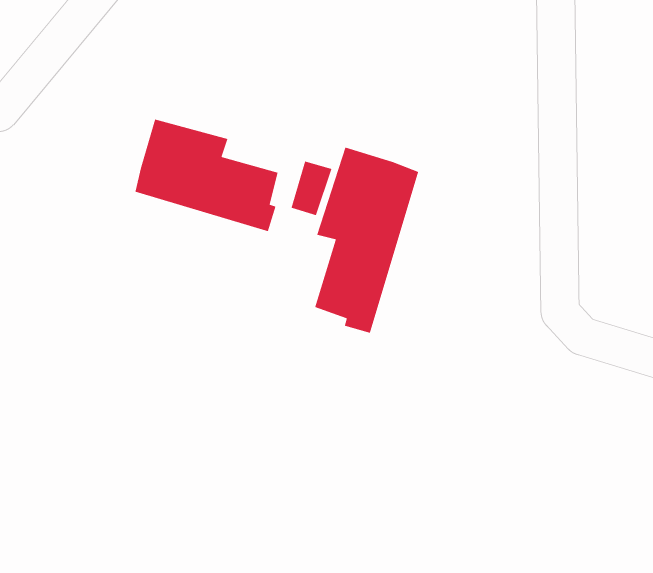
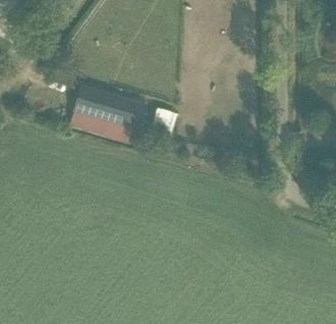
building: [314,147,419,334] -> none

